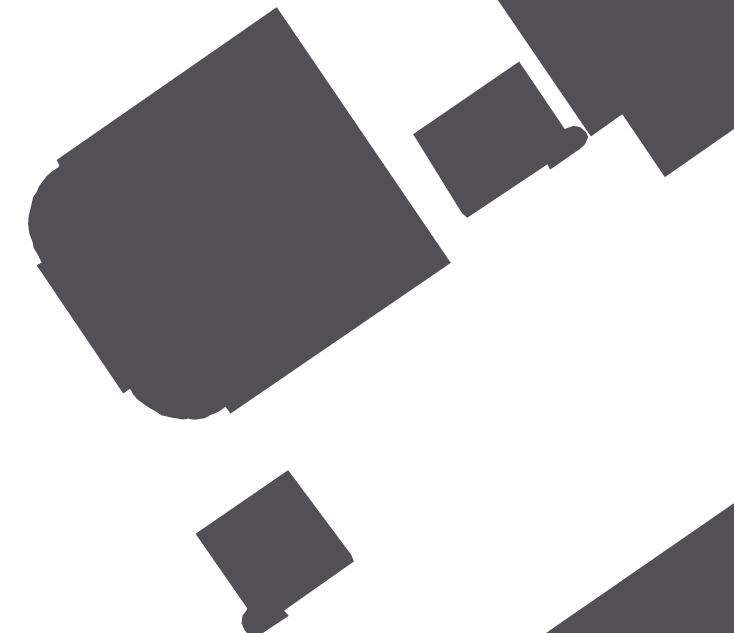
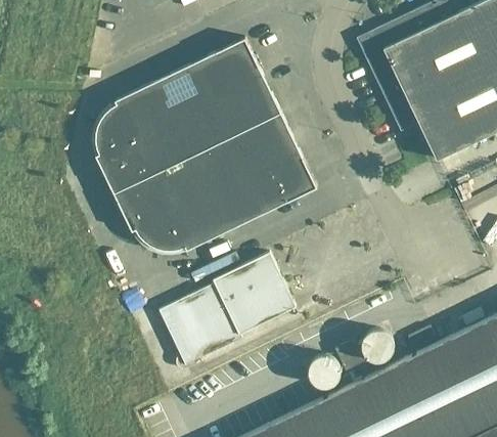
building: [412,61,589,219] -> none
building: none -> [213,252,296,334]

